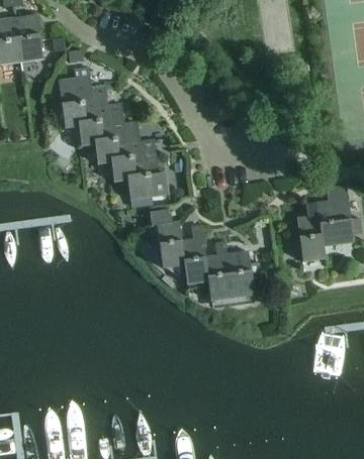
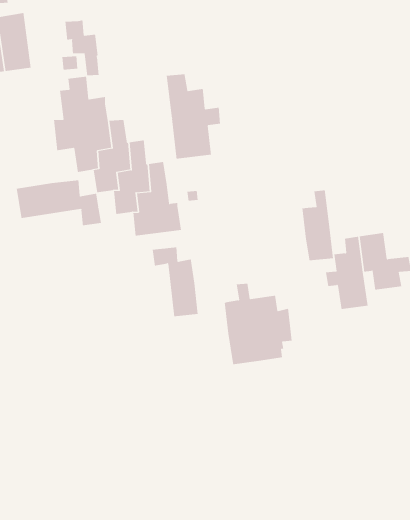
building: none -> [65,20,99,76]
building: none -> [166,73,221,159]
building: none -> [16,179,102,226]
building: [181,225,208,284] -> [301,190,334,261]

